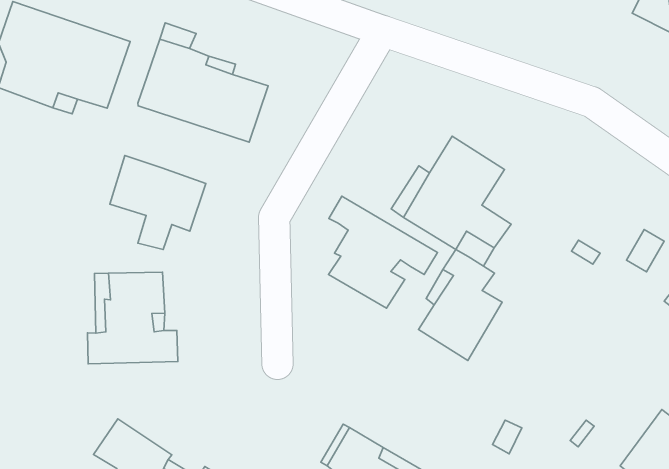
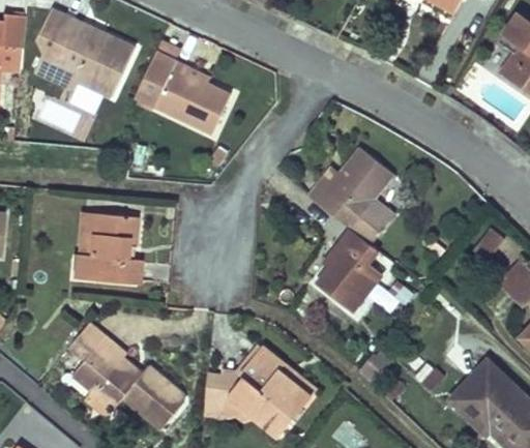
building: [110,156,206,250] -> none
building: [328,196,437,308] -> none

